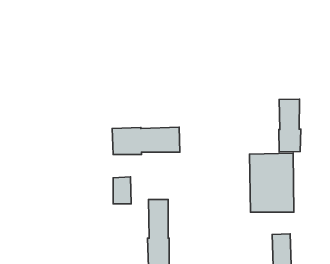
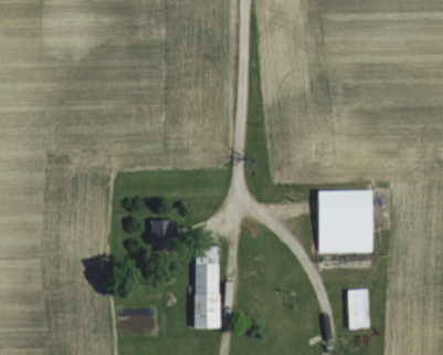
building: [279,99,301,152] -> none
building: [112,127,180,155] -> none

